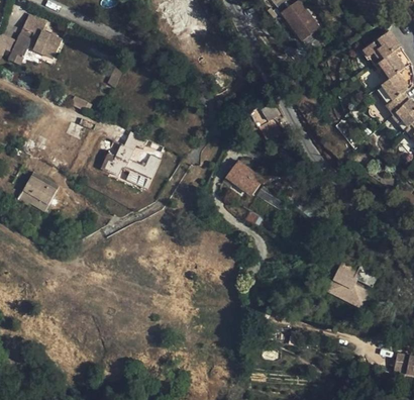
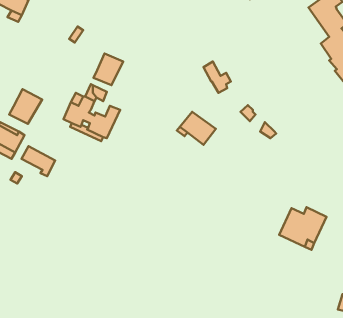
building: none -> [94,53,123,85]
building: none -> [9,89,42,124]
building: none -> [22,146,55,176]

